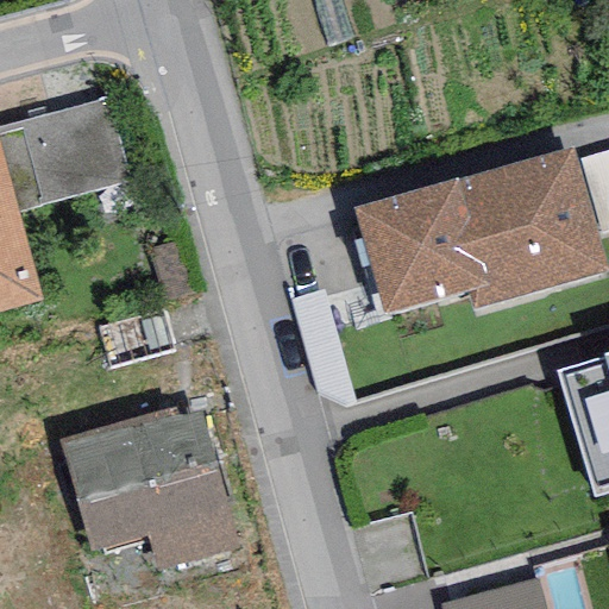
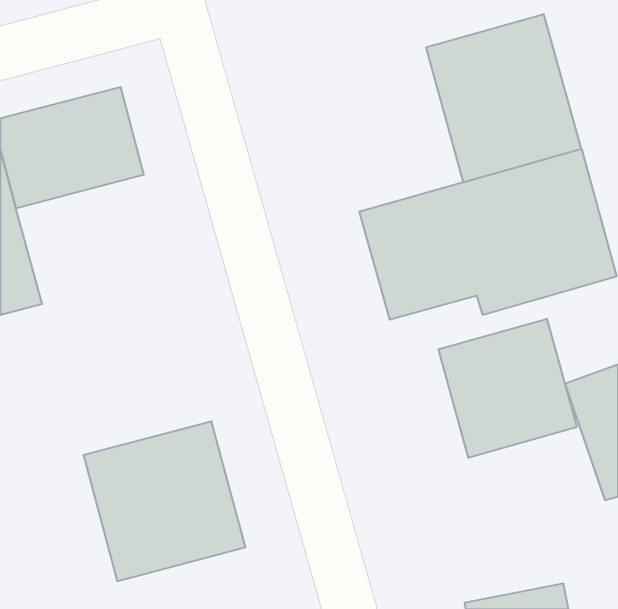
building: none -> [426,14,581,182]
building: none -> [438,319,577,458]

